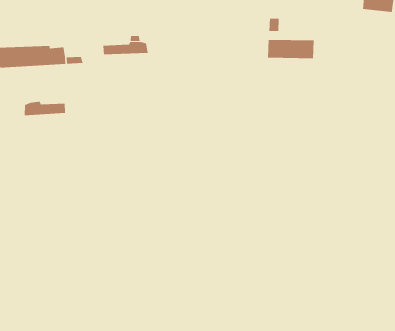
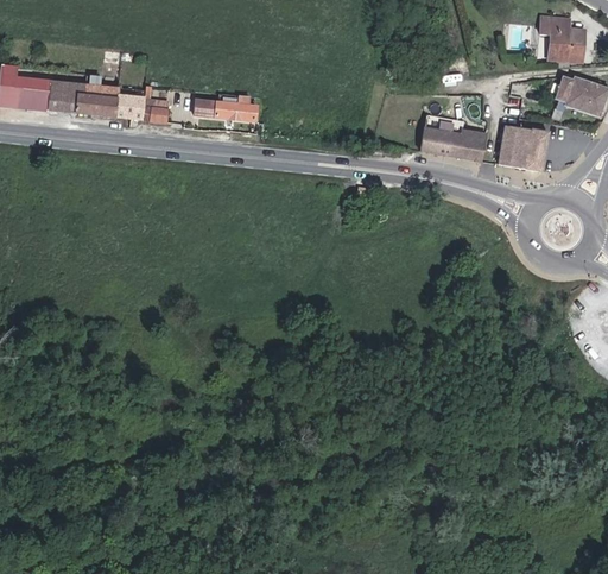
building: none -> [494,122,545,170]
building: [24,101,65,116] -> none

